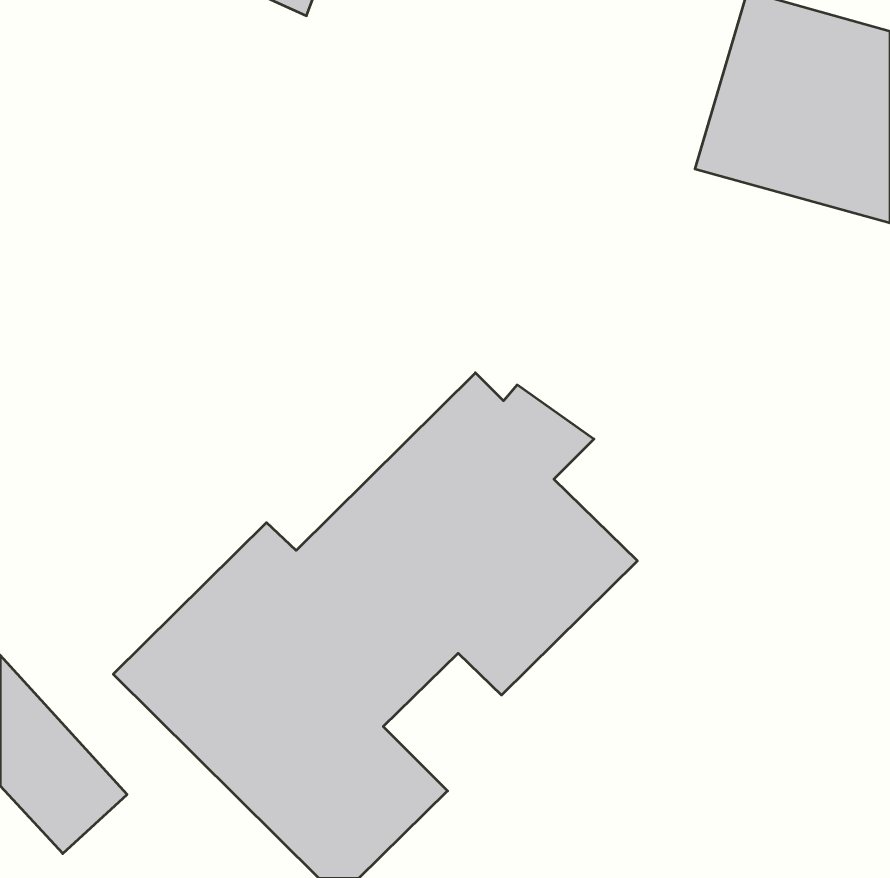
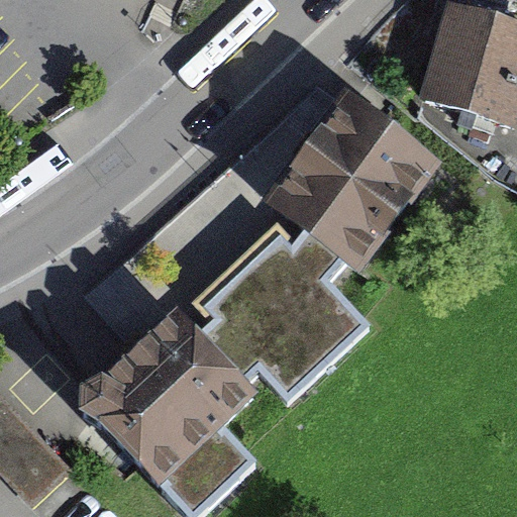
building: none -> [262,87,441,269]

